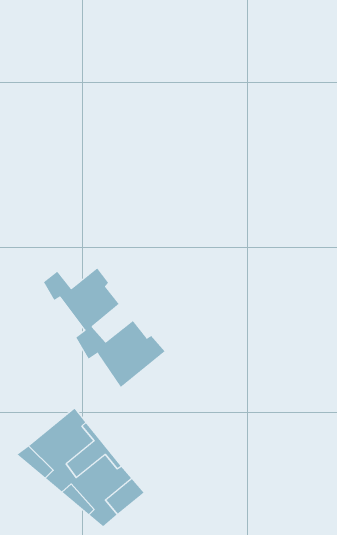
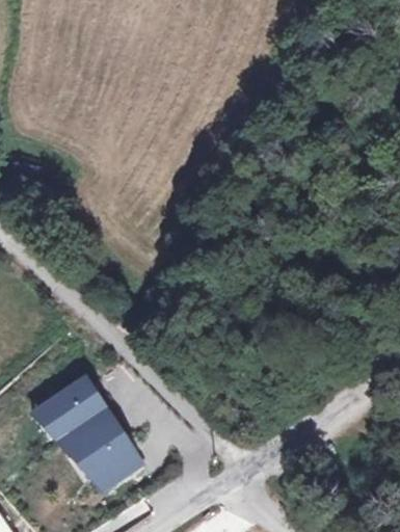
building: [43,267,166,388] -> none

